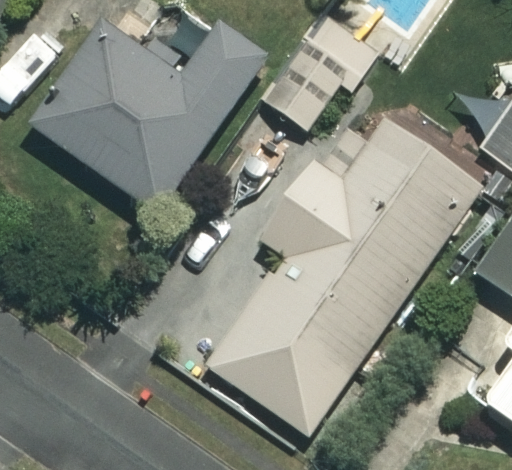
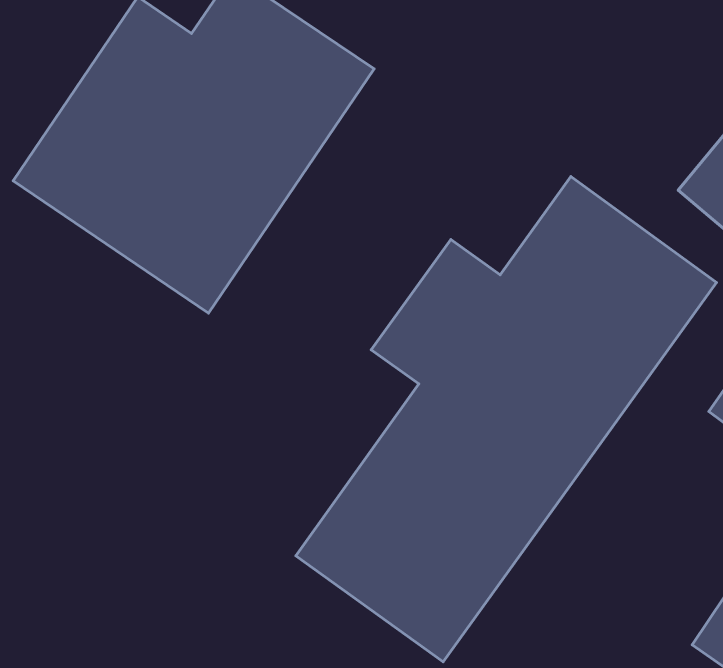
building: [264,18,379,134] -> none

